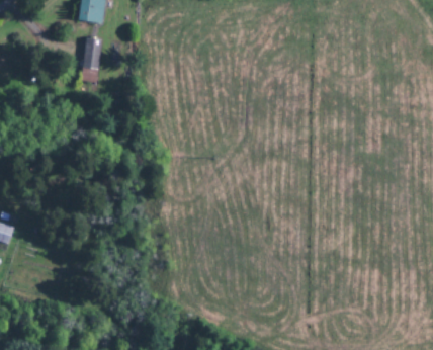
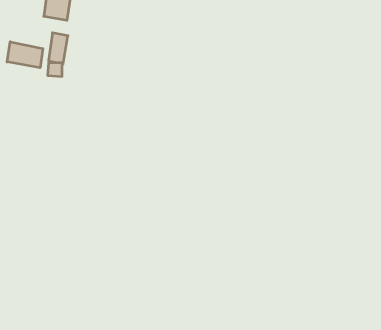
building: none -> [7,42,43,68]

